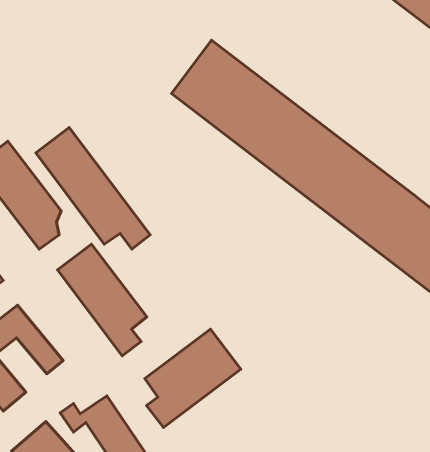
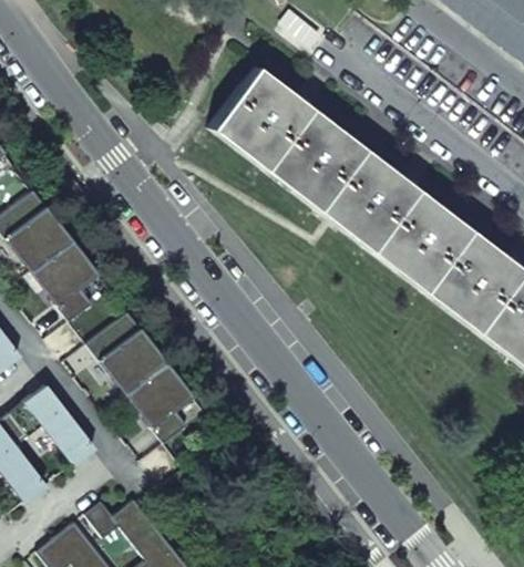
building: [36,127,150,249] -> none
building: [145,329,241,428] -> none

